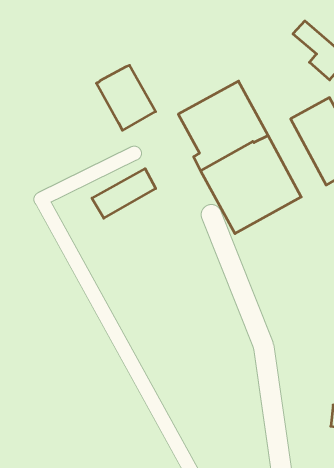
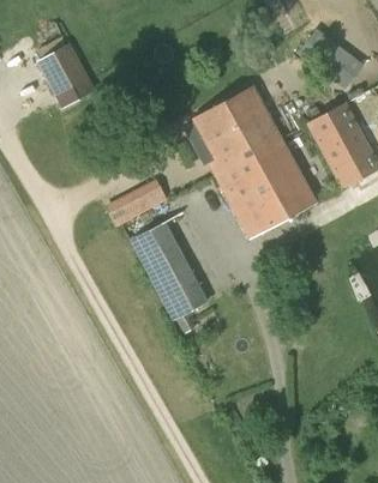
building: [96,65,156,130] -> [36,43,96,109]
building: none -> [130,222,208,321]

